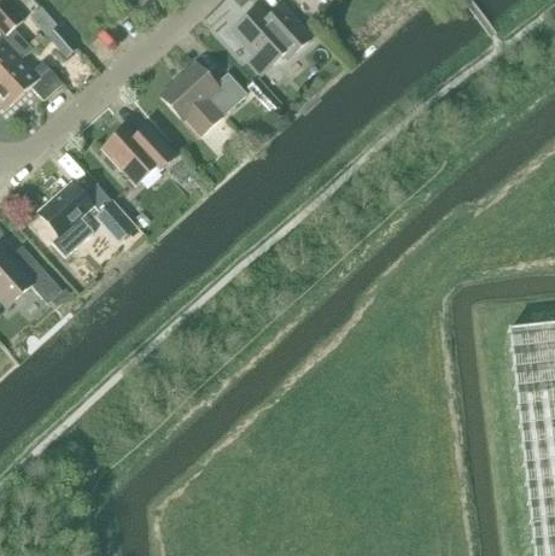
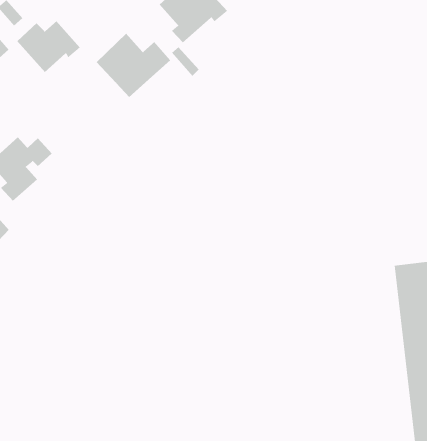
building: [103,124,176,185] -> [16,20,81,73]
building: [94,200,132,239] -> none

